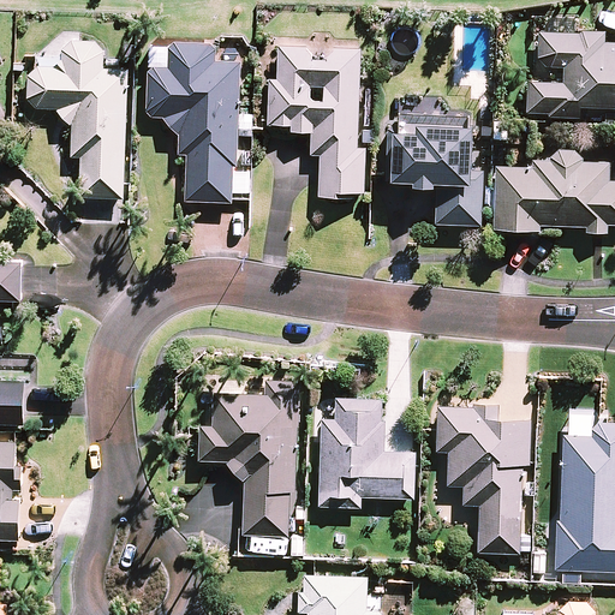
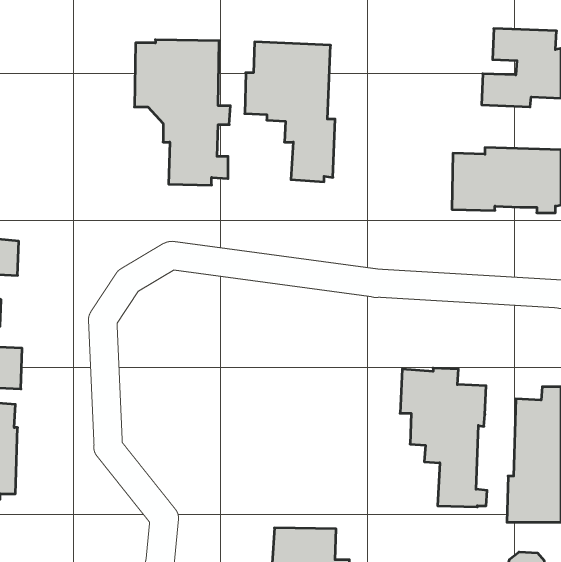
building: [26,42,126,199] -> none
building: [392,112,480,226] -> none
building: [197,382,301,537] -> none
building: [318,399,414,508] -> none

